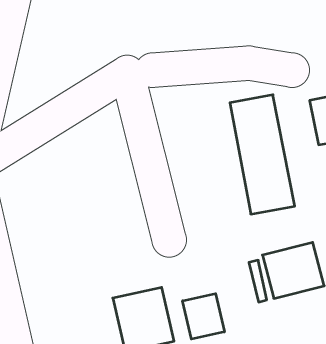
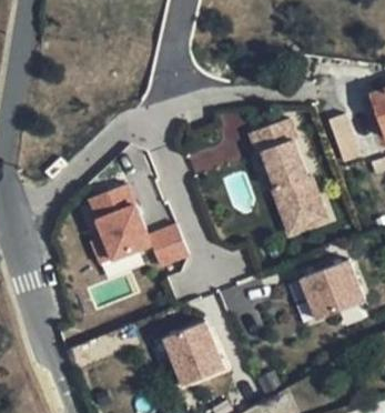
building: none -> [83,183,186,269]
building: [183,294,224,339] -> none

